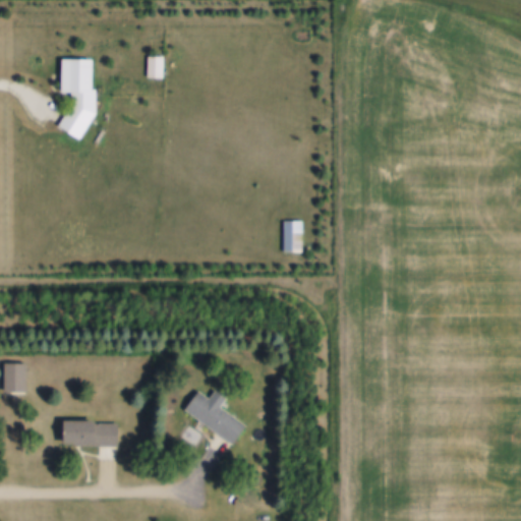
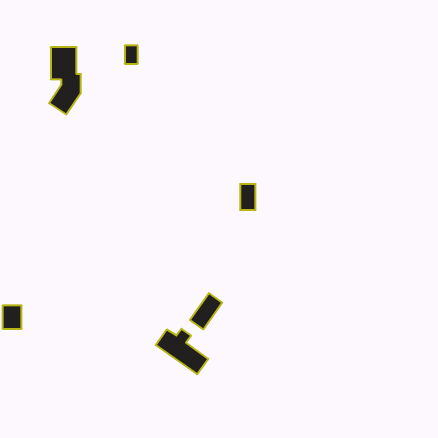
building: none -> [190,293,222,329]
building: [61,420,118,446] -> none

